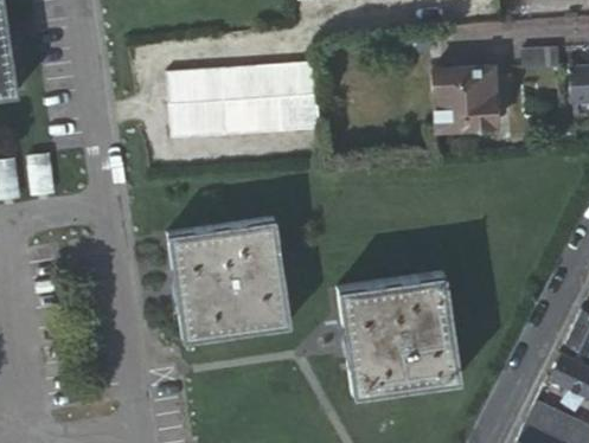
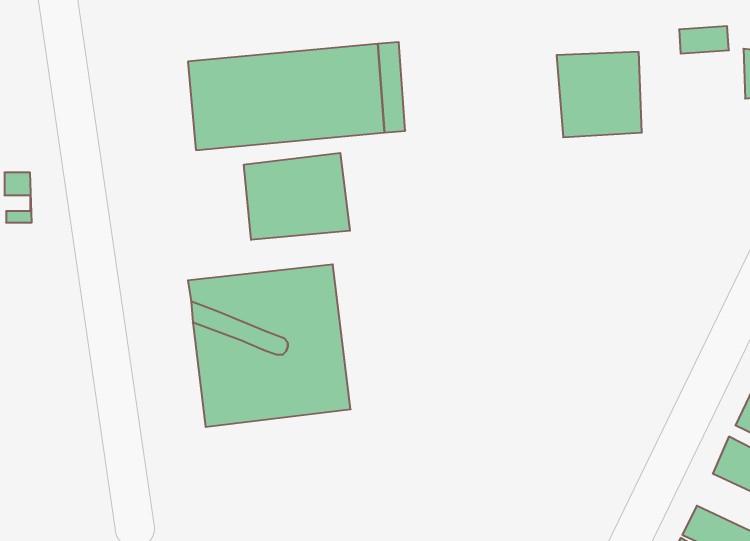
building: none -> [244,153,350,240]
building: [334,281,453,399] -> none

